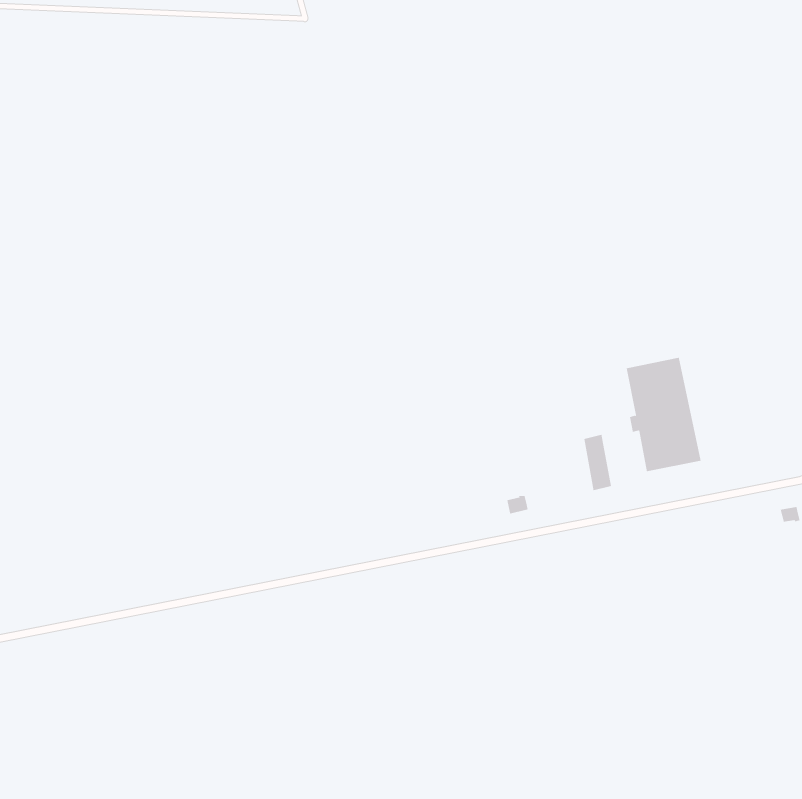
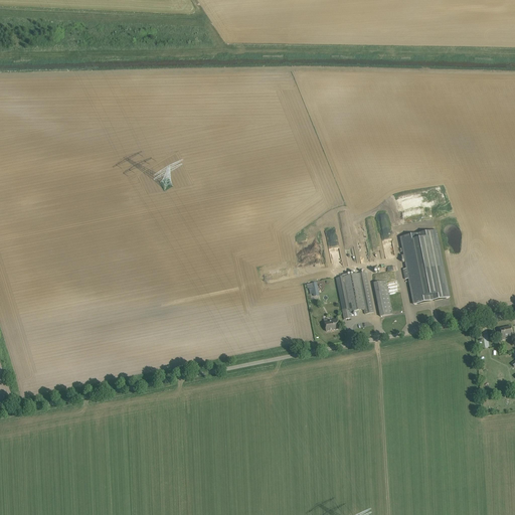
building: none -> [335,270,373,317]

